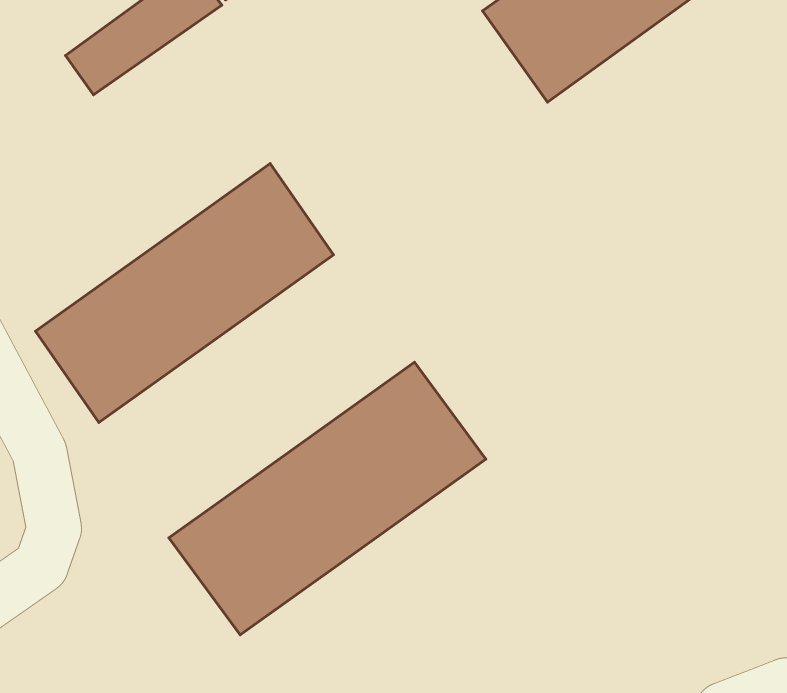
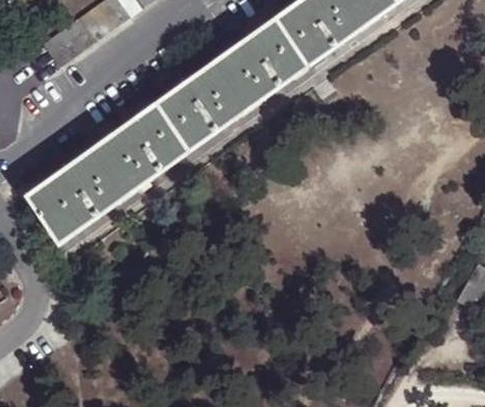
building: none -> [153,19,305,153]
building: [169,362,486,635] -> none

